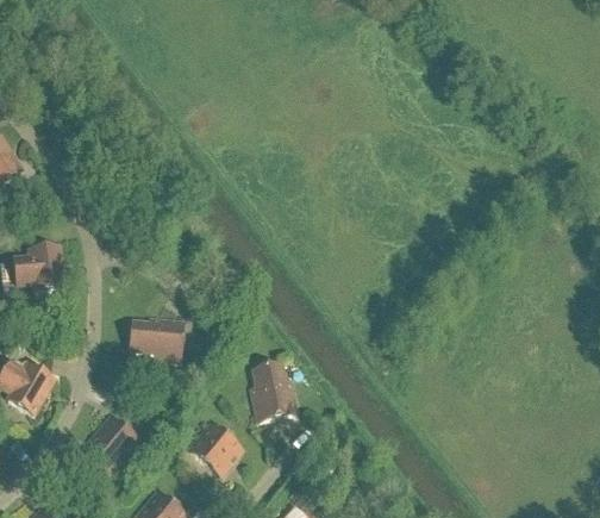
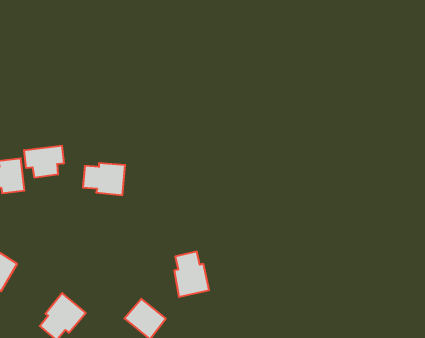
building: none -> [24,146,64,178]
building: [130,317,183,357] -> [83,163,125,195]

